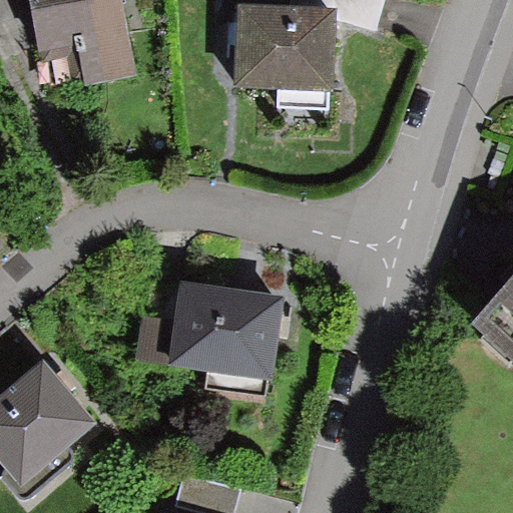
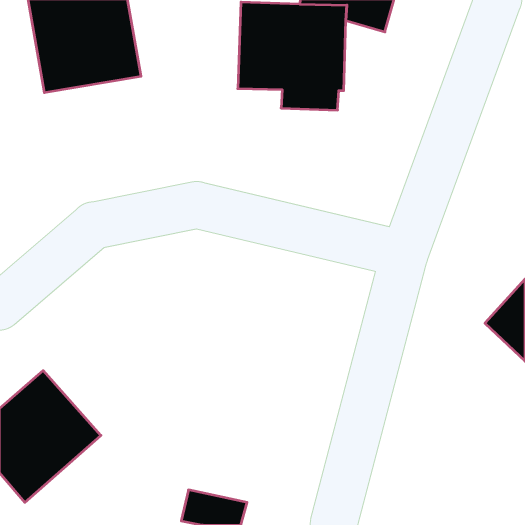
building: [130,278,286,391] -> none

